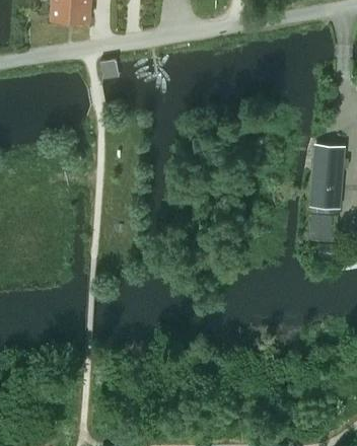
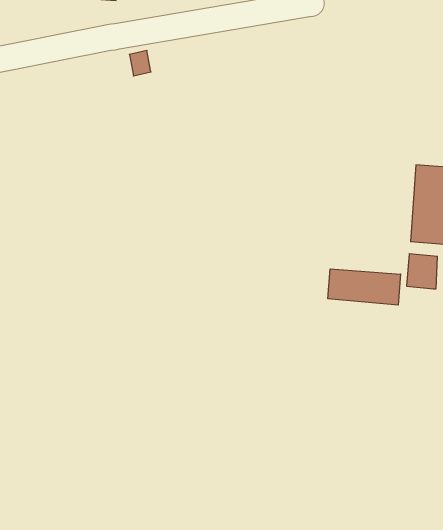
building: none -> [328,269,401,305]

